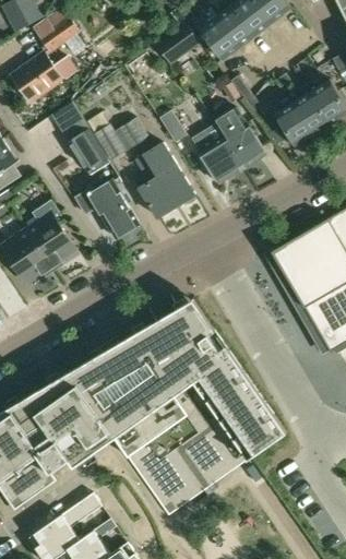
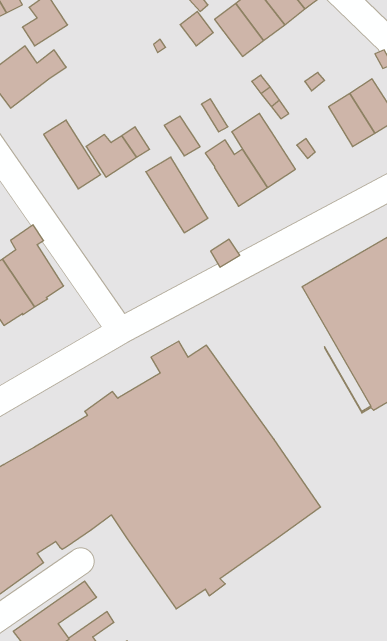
building: [274,102,312,144] -> none
building: [134,155,174,216] -> none
building: [74,176,139,238] -> none

